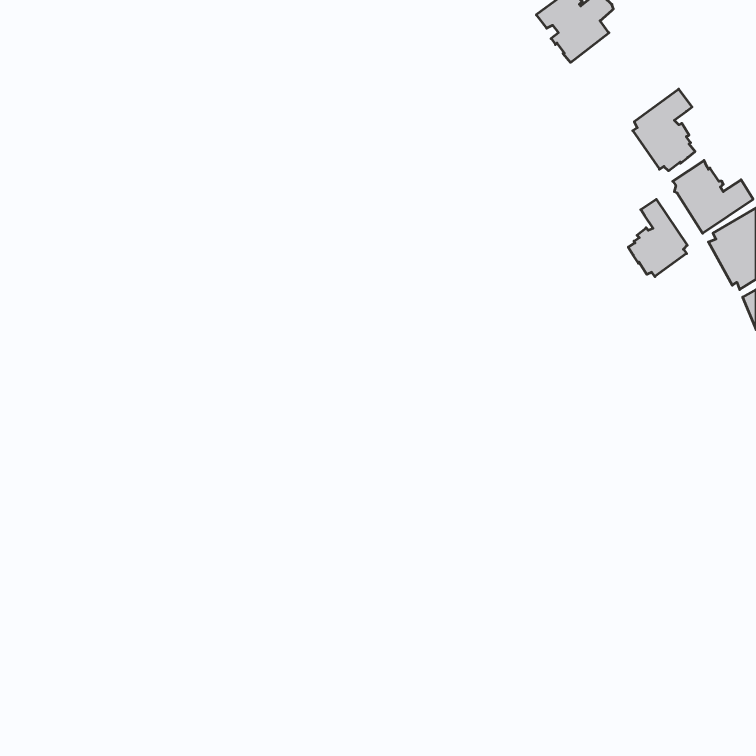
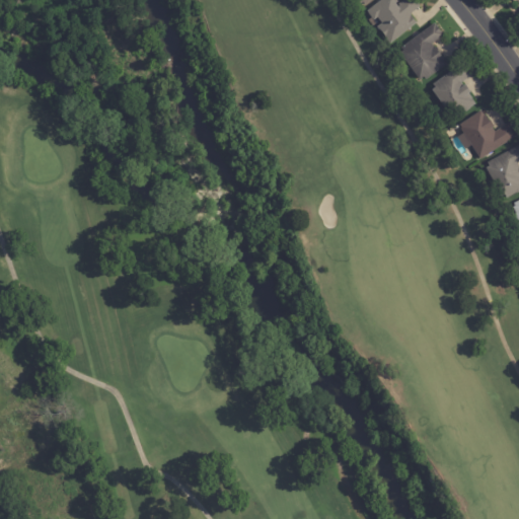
building: none -> [399,22,445,79]
building: [628,199,687,277] -> none

